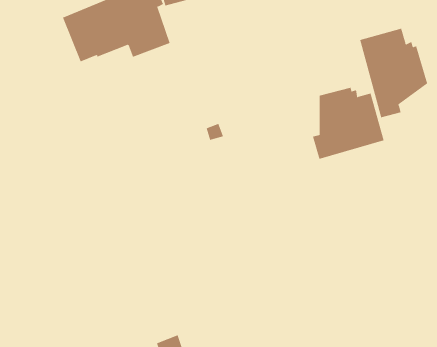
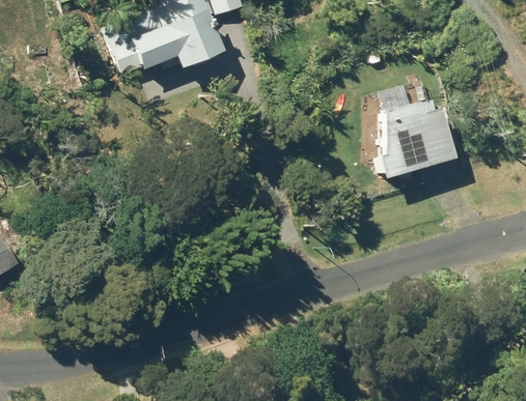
building: [359,28,428,118] -> none

